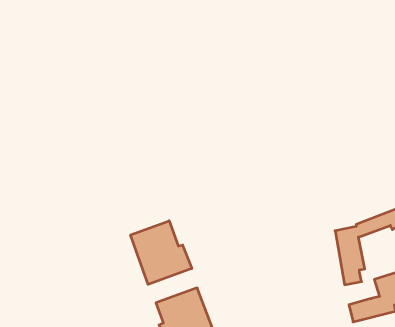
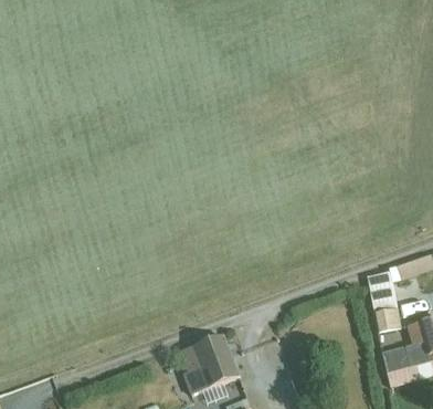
building: [131,221,192,284] -> none

